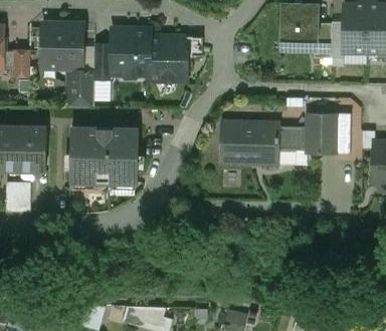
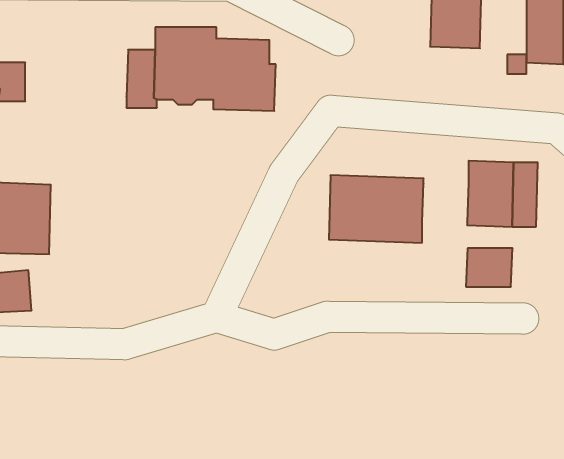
building: [42,24,82,66] -> none
building: [67,71,93,107] -> none
building: [278,126,308,150] -> [466,248,513,287]
building: [70,127,139,184] -> none

